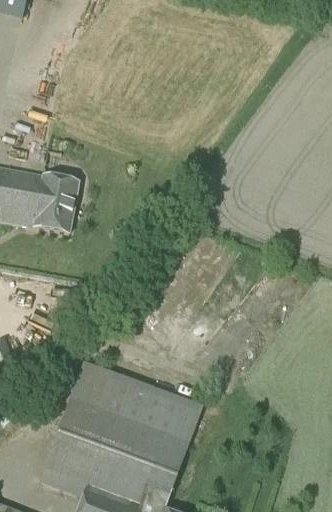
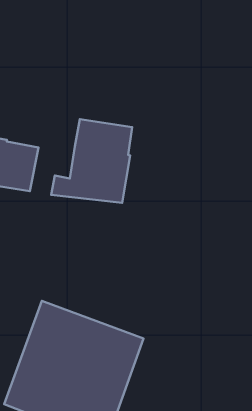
building: none -> [51,119,132,203]

